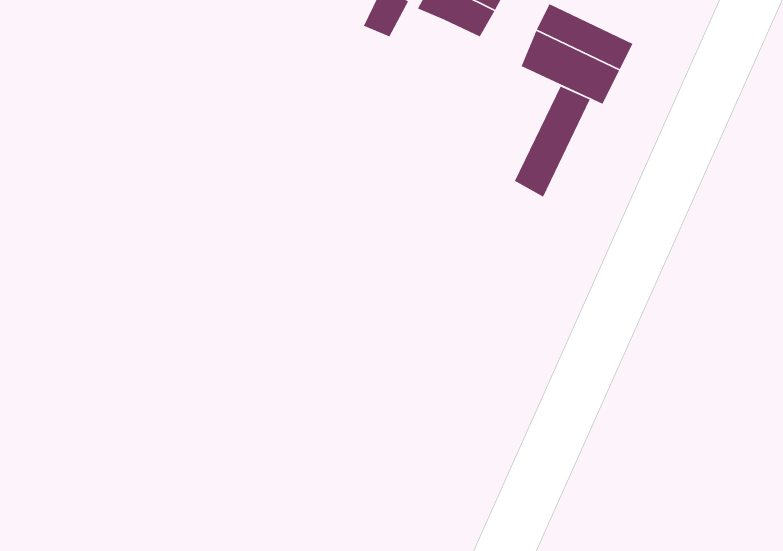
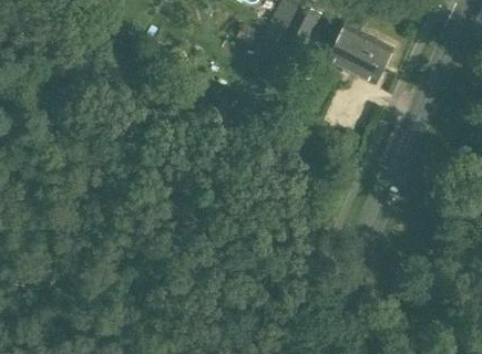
building: [514,86,591,198] -> none

